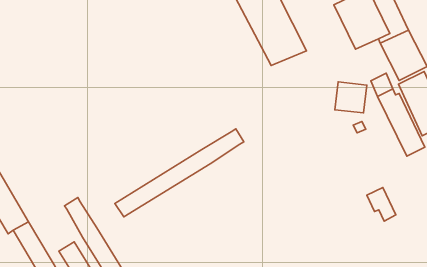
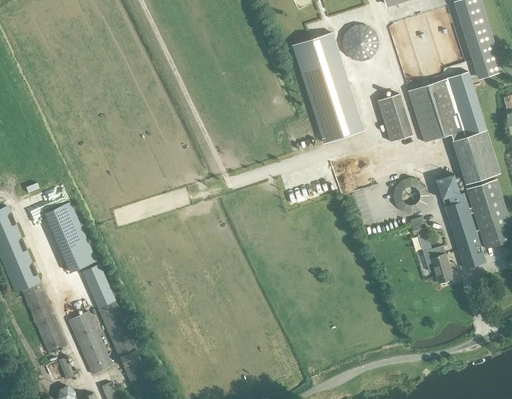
building: none -> [376,94,410,142]
building: [115,129,244,217] -> none
building: none -> [42,201,94,272]
building: [367,187,396,221] -> [423,245,452,282]

